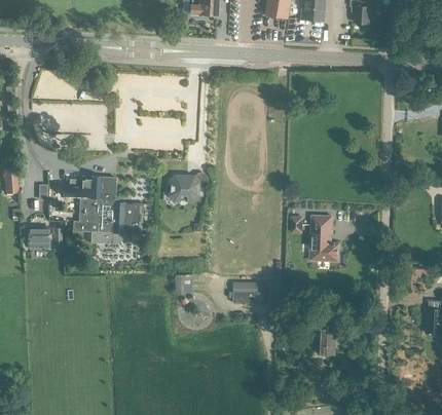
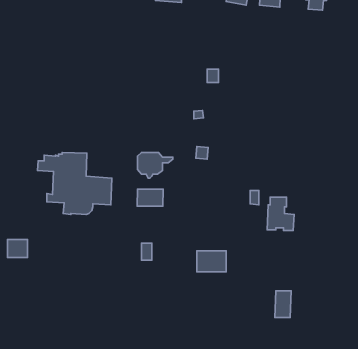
building: none -> [137,189,163,206]
building: [28,228,49,248] -> [8,239,28,258]

